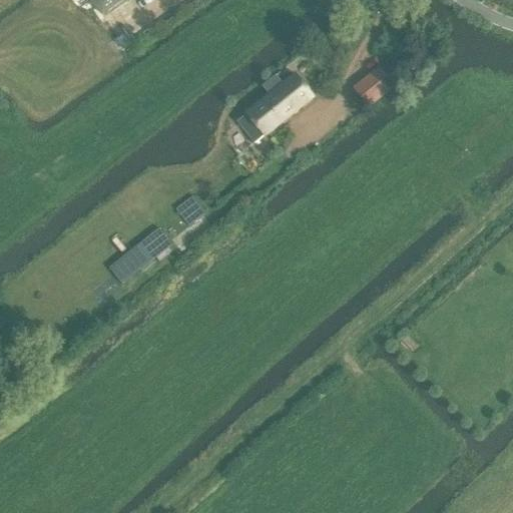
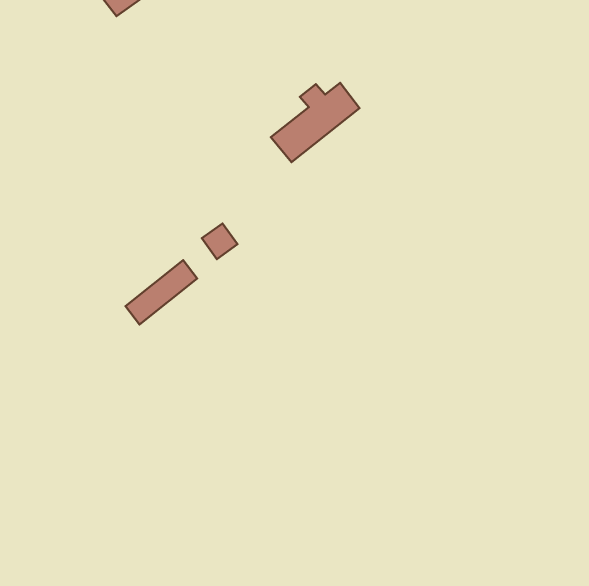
building: [354,65,393,104] -> none

